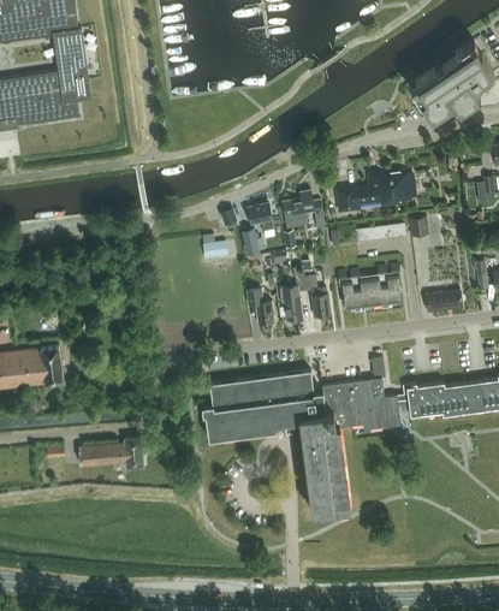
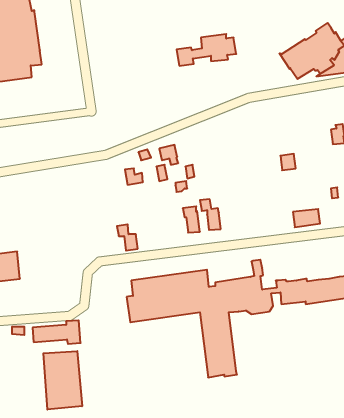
building: [337,170,416,212] -> [177,34,236,66]
building: [283,191,326,230] -> none
building: [337,266,402,309] -> none
building: [246,290,274,325] -> [117,224,138,251]
building: none -> [43,351,82,410]

